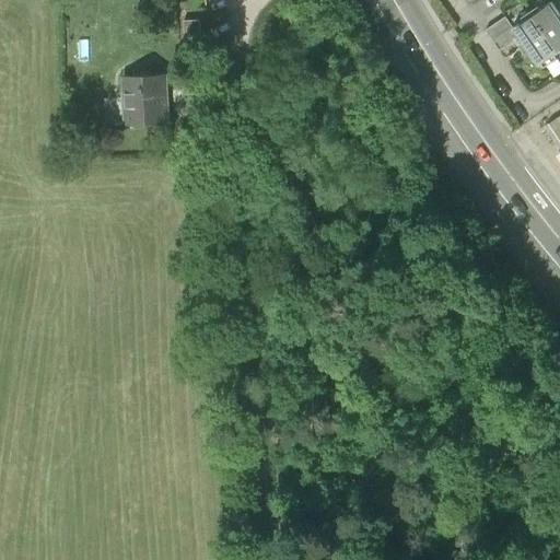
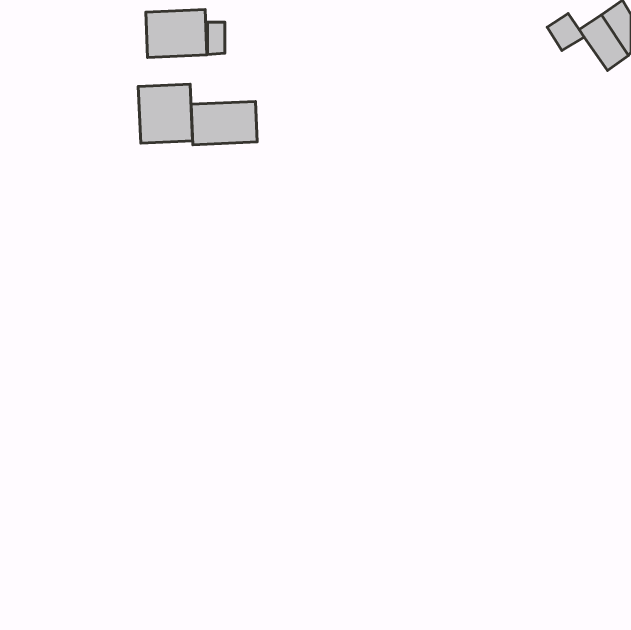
building: none -> [146,10,207,57]
building: none -> [191,102,257,145]

